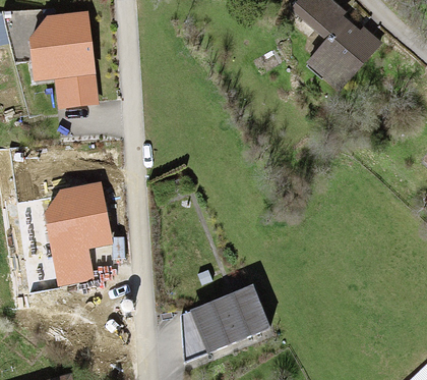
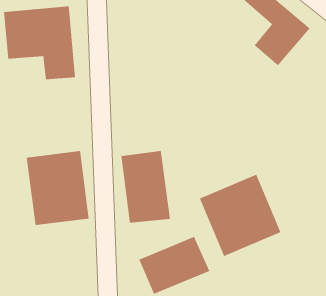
building: none -> [121,150,171,224]
building: none -> [199,174,281,257]

